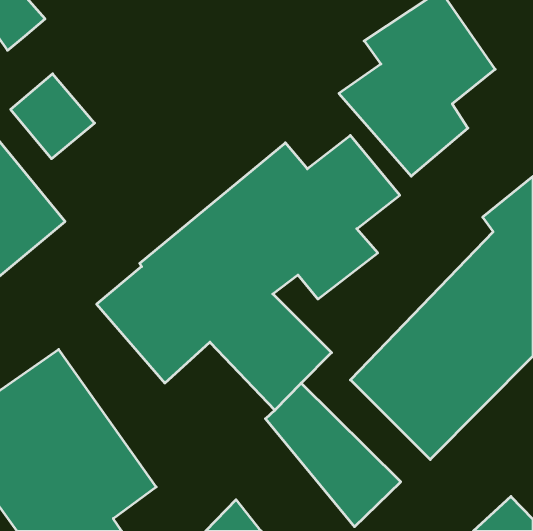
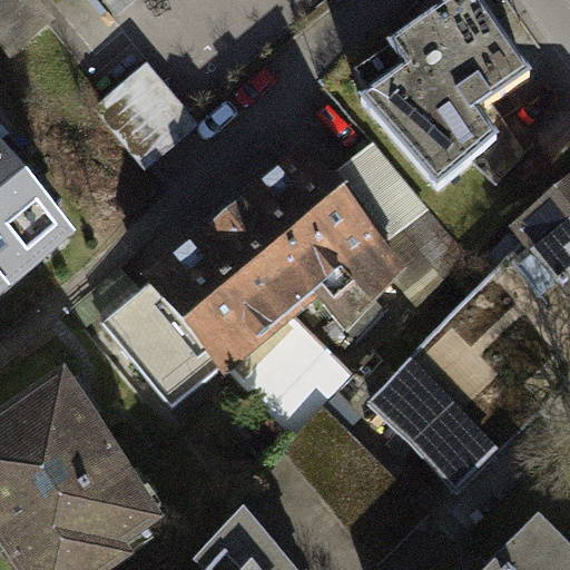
building: [11,74,95,159] -> [99,69,188,159]

